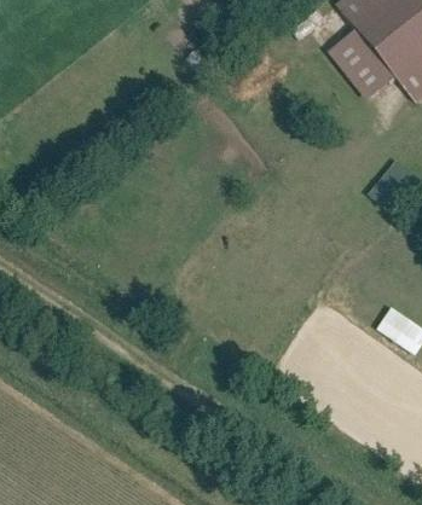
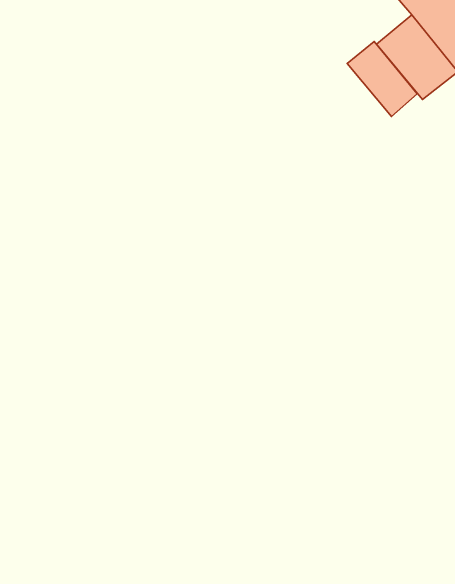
building: none -> [347,41,417,116]

